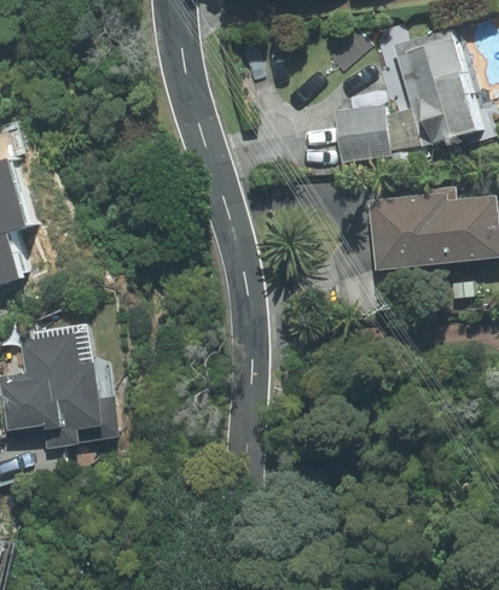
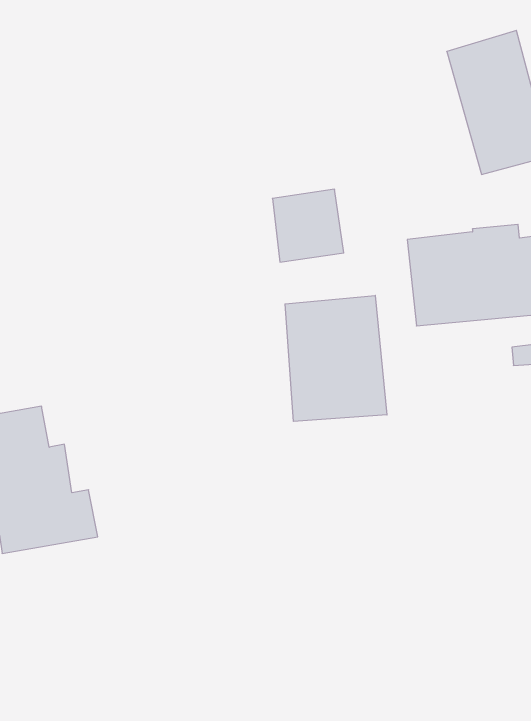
building: [335,105,391,163] -> [272,189,344,262]
building: none -> [285,295,387,421]

